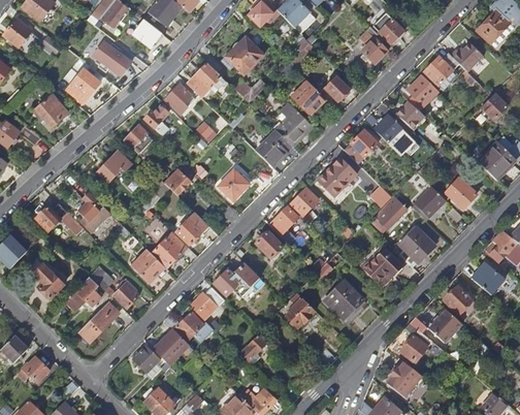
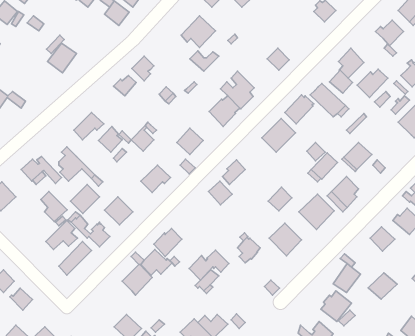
building: [361,26,387,63] -> none
building: [94,40,131,74] -> none
building: [424,53,460,86] -> [357,69,388,97]
building: [186,61,223,97] -> none
building: [291,79,328,116] -> none
building: [36,95,68,126] -> none
building: [124,123,152,153] -> [99,127,122,152]
building: [446,175,478,206] -> none
building: [291,187,319,215] -> [268,187,292,211]
building: [154,232,188,266] -> [71,184,100,213]
building: [214,261,260,296] -> [189,250,229,280]
building: [33,263,64,298] -> [41,192,67,221]
building: [429,309,463,340] -> [368,273,397,299]
building: [133,343,165,377] -> none

